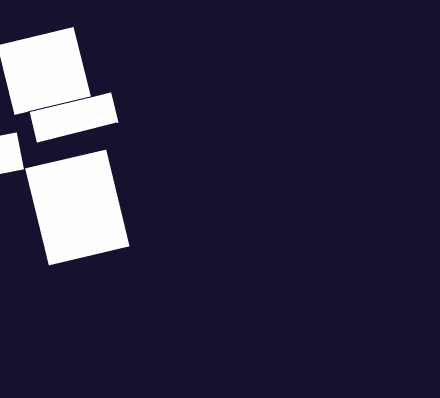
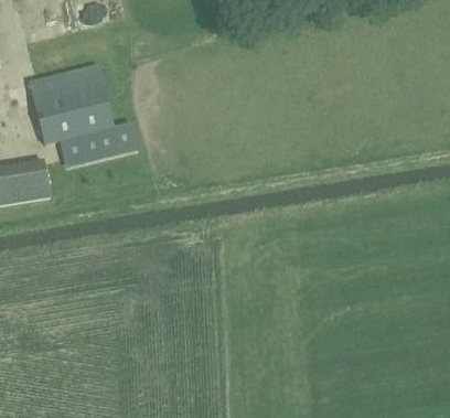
building: [25,149,130,266] -> none

